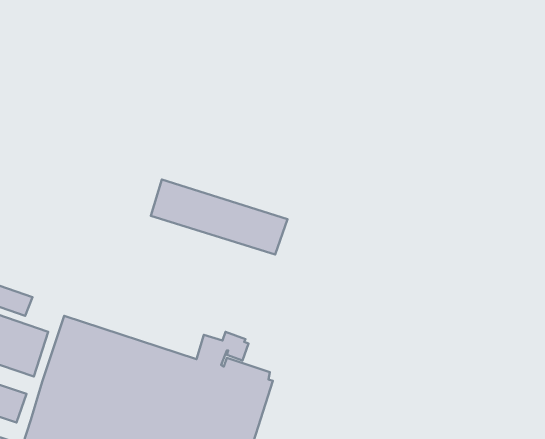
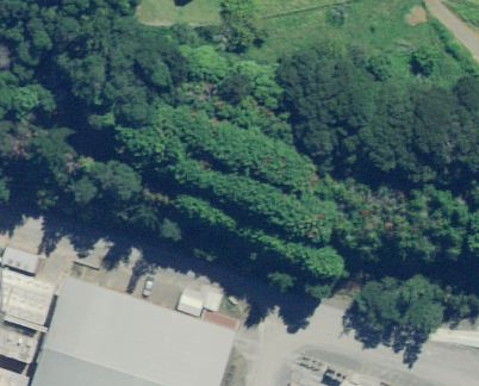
building: [151,179,287,255] -> none

